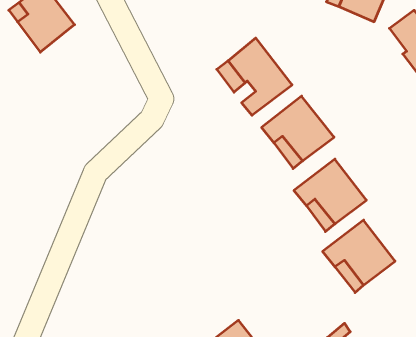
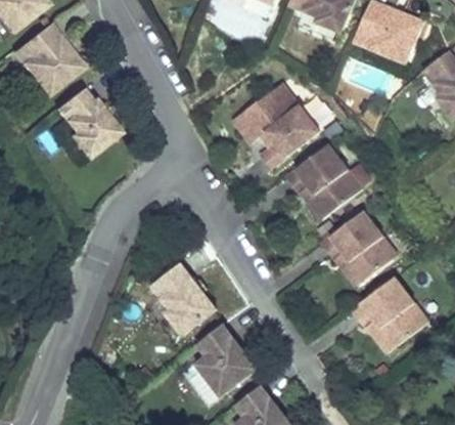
building: none -> [57,88,122,158]
building: none -> [149,265,215,336]
building: none -> [194,324,257,396]

